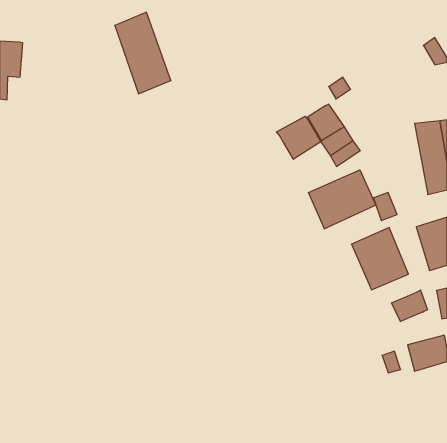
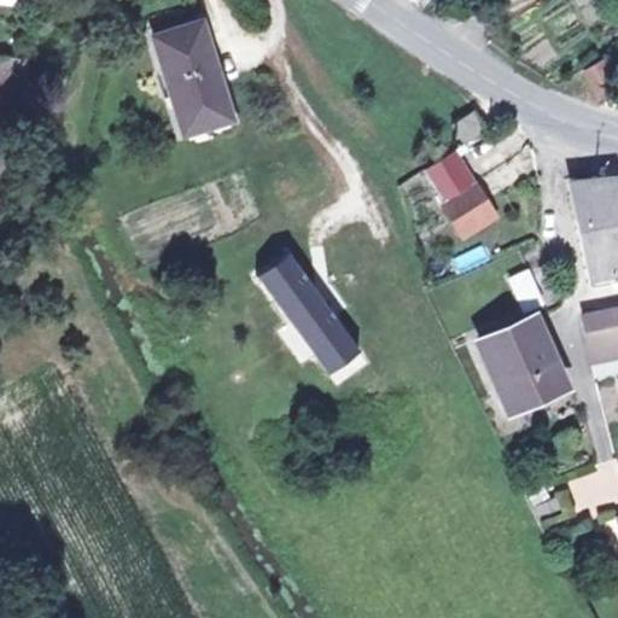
building: [277,116,321,159] -> none
building: [308,170,376,229] -> none
building: none -> [258,253,363,374]
building: [392,290,427,322] -> none

